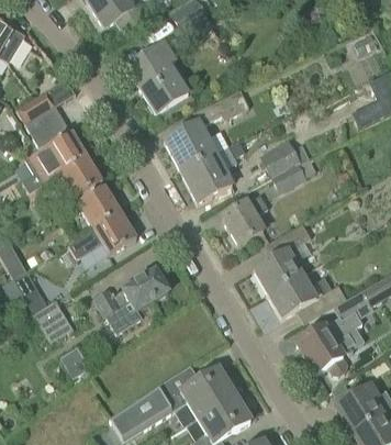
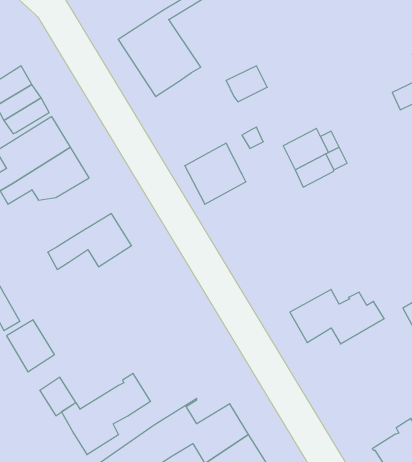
building: [165,121,215,171] -> none
building: [78,185,121,227] -> none
building: [222,194,269,244] -> none
building: [254,222,311,292] -> none
building: [96,267,169,334] -> [61,373,151,455]
building: [297,310,361,374] -> none

